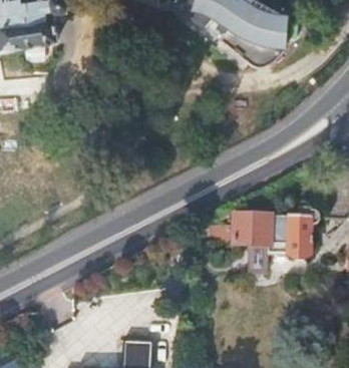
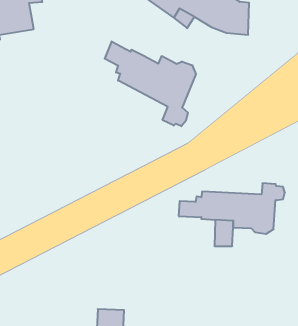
building: none -> [105,41,196,126]

